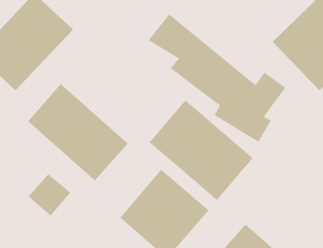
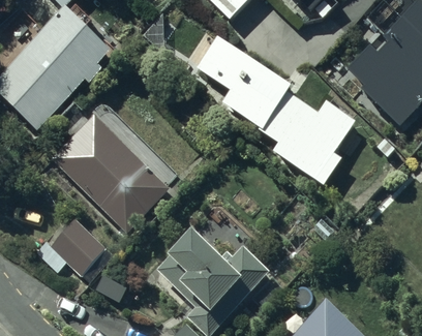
building: [149,100,254,201] -> none

